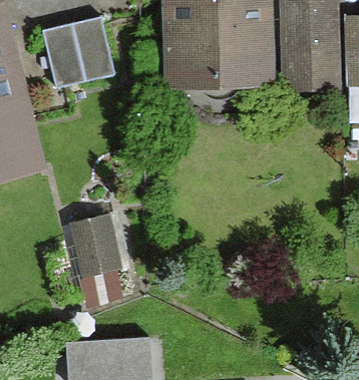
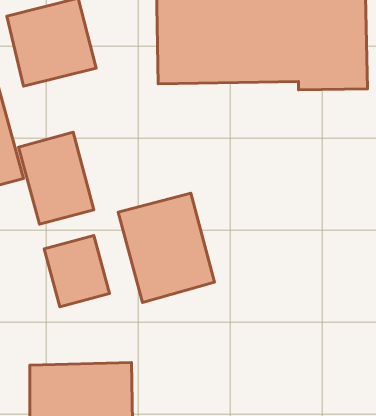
building: none -> [18,132,94,224]
building: none -> [118,193,215,302]

